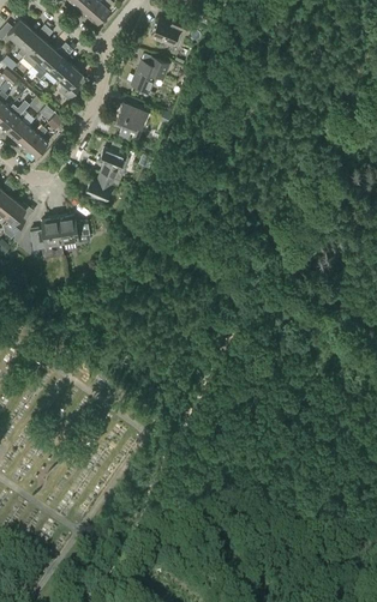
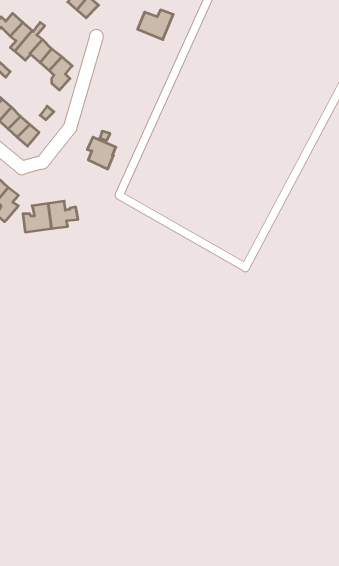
building: [130,59,168,91] -> none
building: [114,102,145,138] -> none
building: [84,173,119,201] -> none

